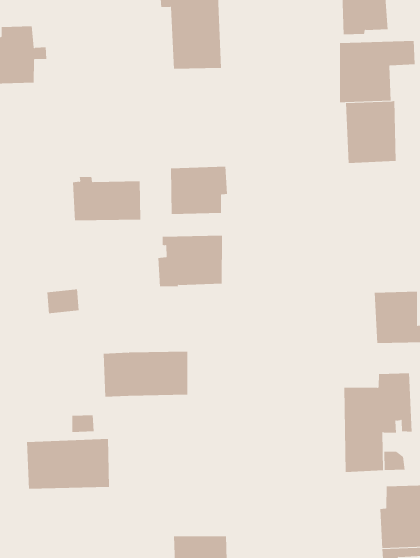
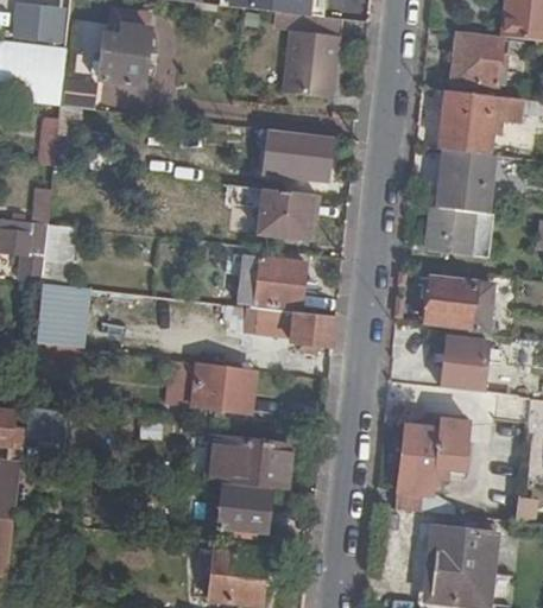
building: none -> [427,207,493,259]
building: [72,176,141,221] -> [247,128,317,179]
building: none -> [423,277,491,332]
building: none -> [254,308,336,347]
building: [26,438,110,489] -> [206,435,291,490]
building: none -> [220,488,271,537]

